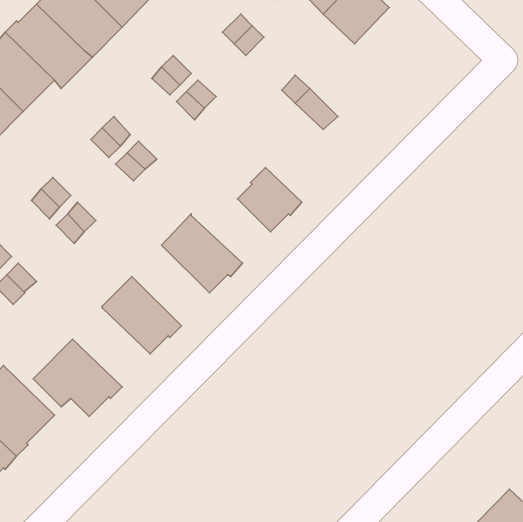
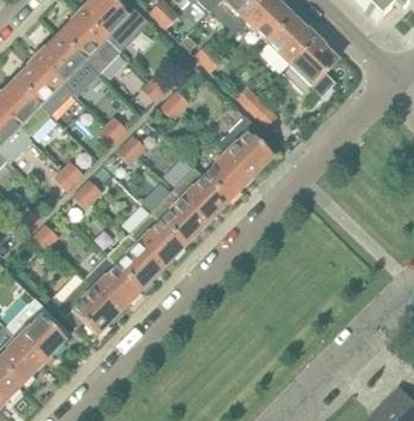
building: none -> [289,37,337,95]
building: none -> [216,115,272,179]
building: none -> [170,166,228,223]
building: none -> [128,211,184,269]
building: none -> [84,255,140,313]

